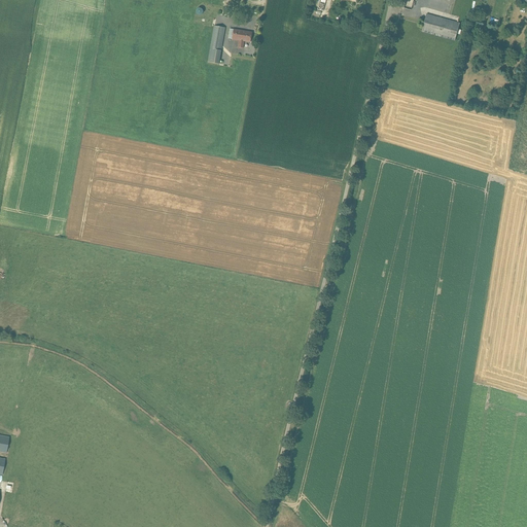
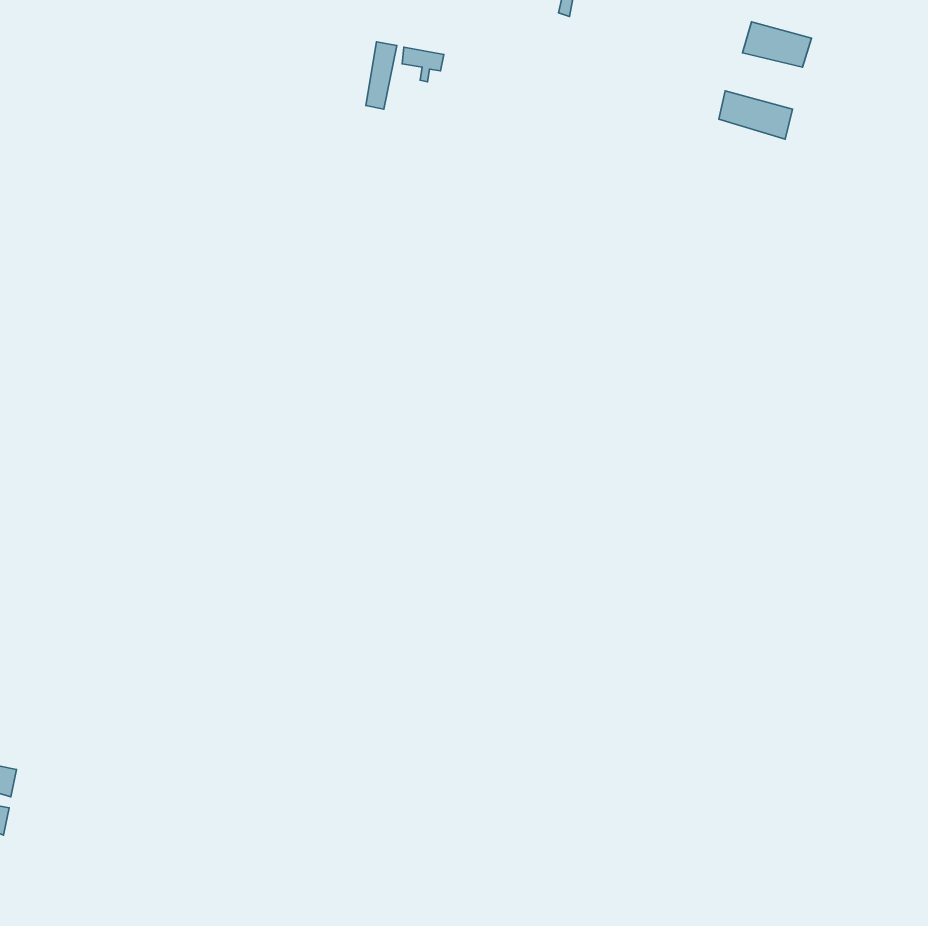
building: none -> [719,91,792,139]

